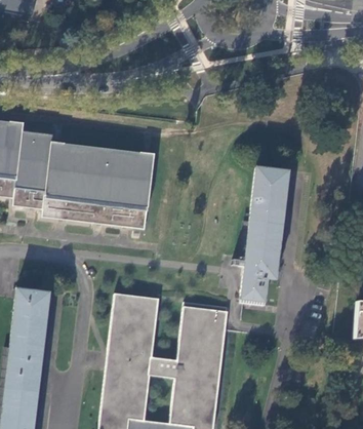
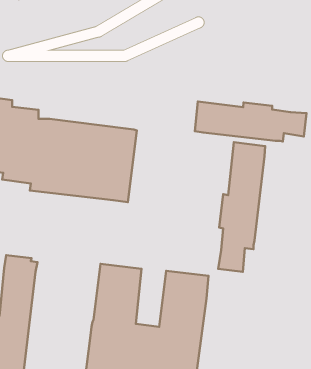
building: none -> [195,102,307,142]

